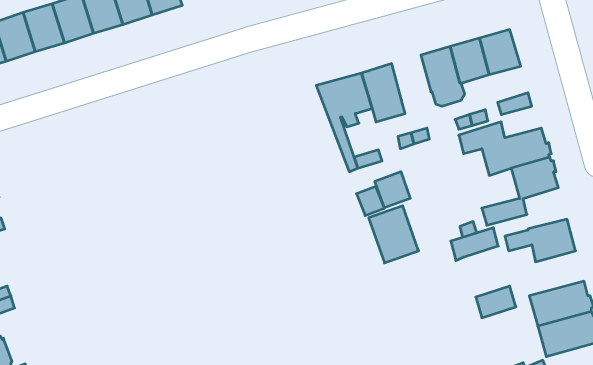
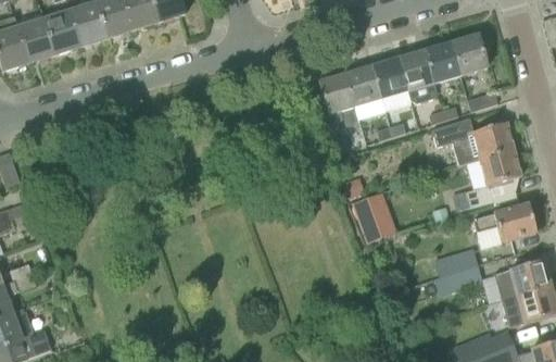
building: none -> [371,58,406,98]
building: [375,172,410,208] -> none
building: [451,228,498,261] -> [434,248,477,277]

